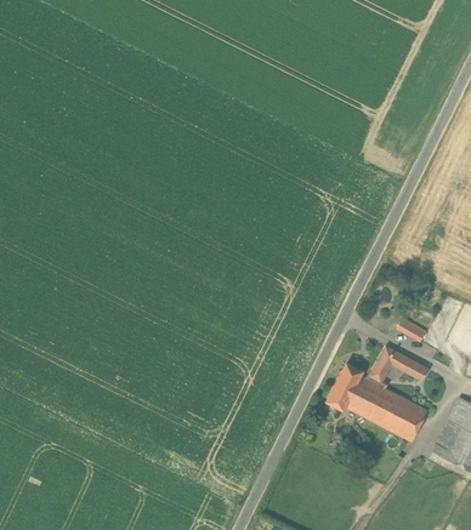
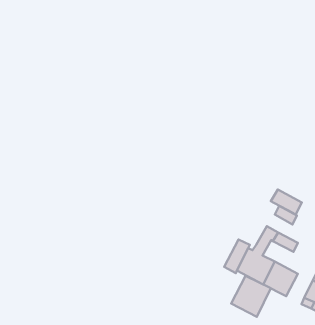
building: none -> [271,190,302,215]
building: none -> [231,276,271,317]

